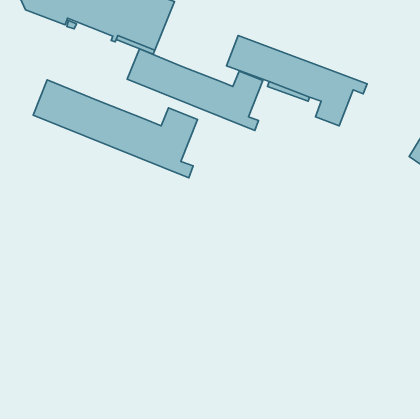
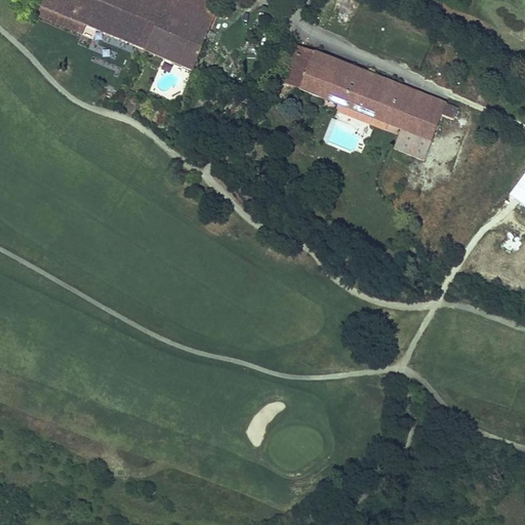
building: [127,49,263,130] -> none
building: [33,80,197,178] -> none

